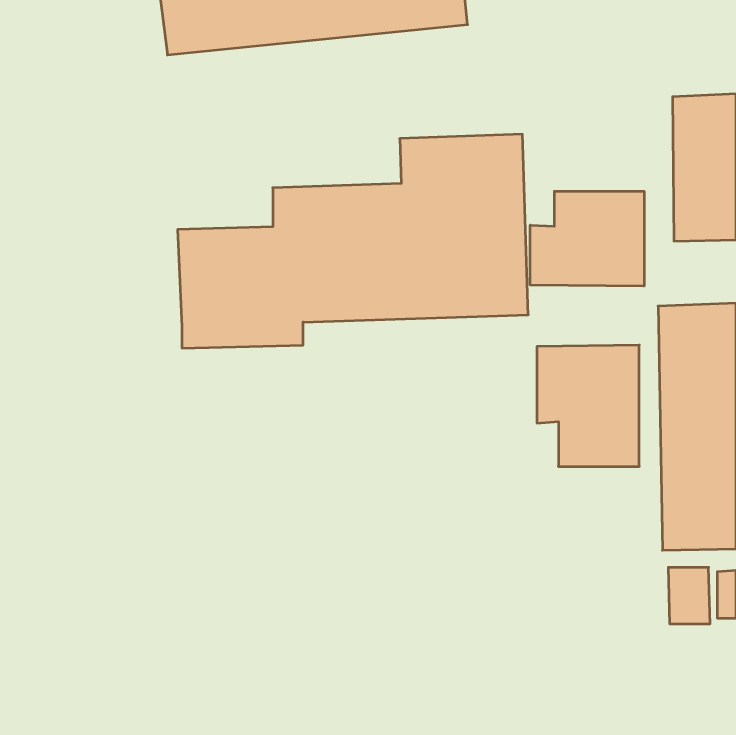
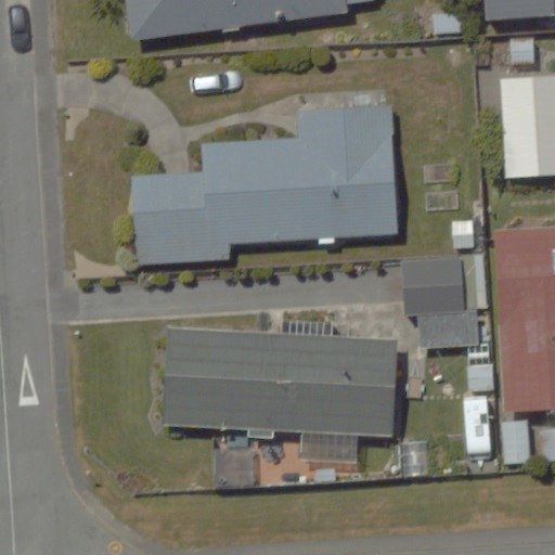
building: [530,191,644,286] -> none
building: none -> [166,328,397,438]

